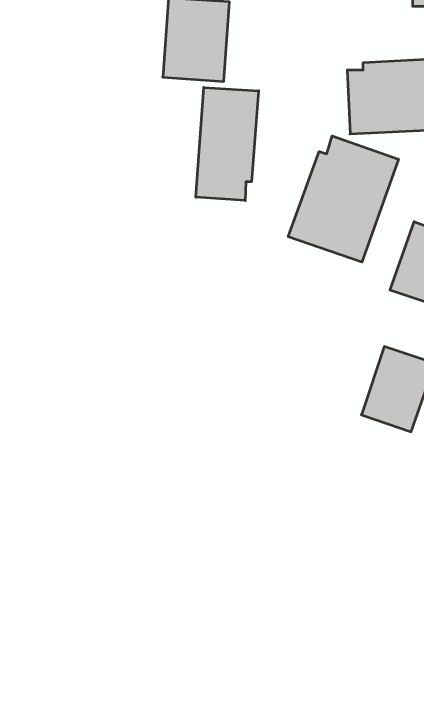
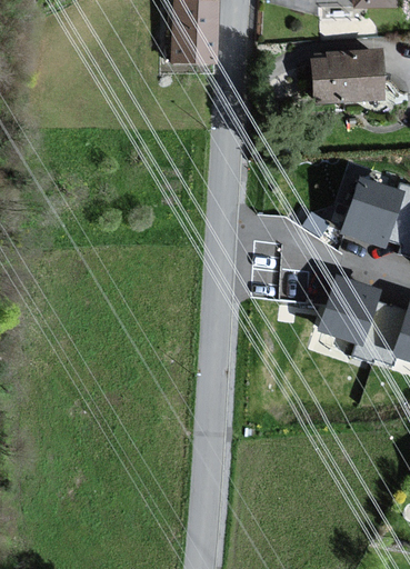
building: [196,87,259,201] -> none
building: [288,136,398,262] -> none

